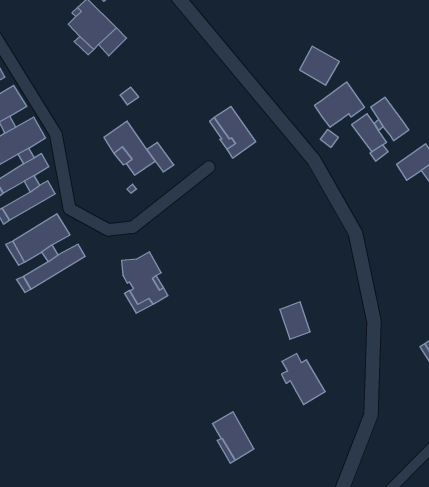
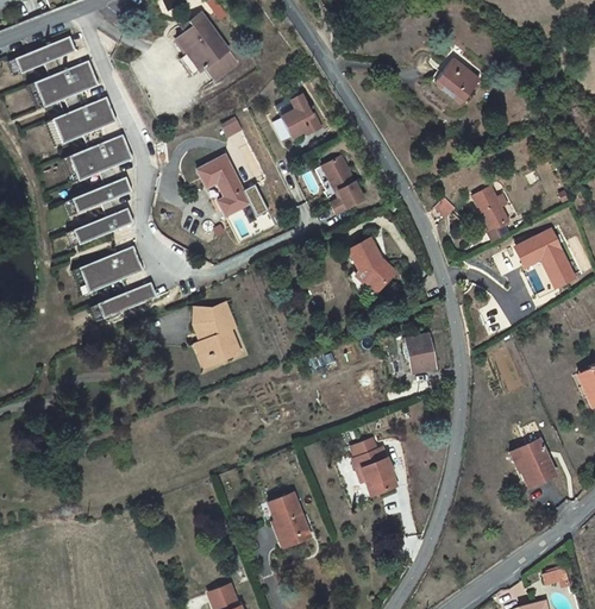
building: [300,46,339,85] -> [436,58,481,103]
building: none -> [277,94,322,137]
building: [315,82,364,127] -> none
building: [371,97,409,141] -> none
building: none -> [349,239,395,291]
building: [280,302,310,339] -> [406,333,436,372]

